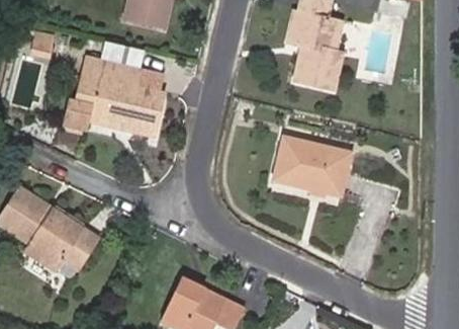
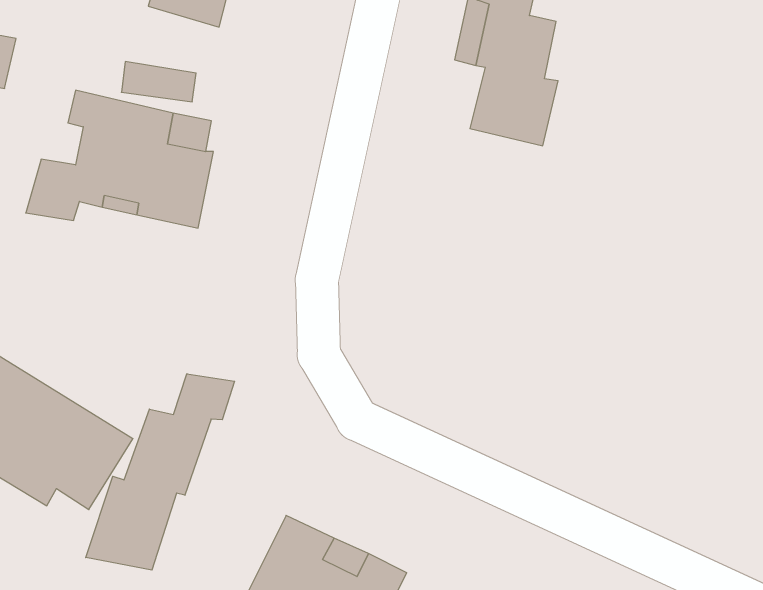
building: [267,135,341,192] -> none
building: none -> [86,374,235,570]

